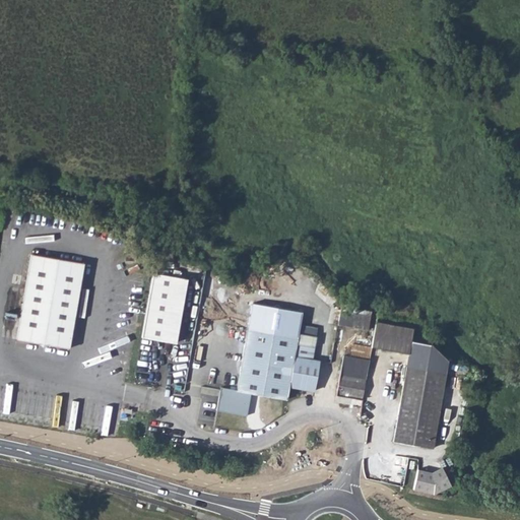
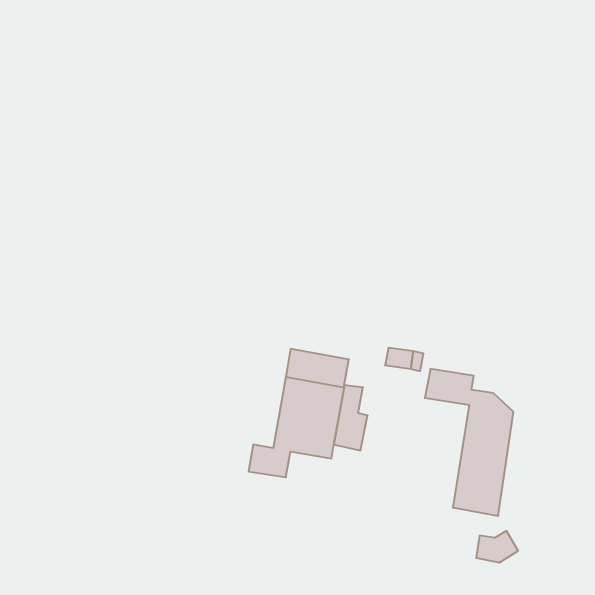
building: [17,257,82,350] -> none
building: [144,274,189,344] -> none
building: [338,354,371,399] -> none

